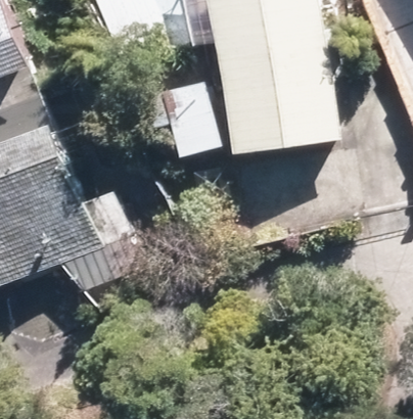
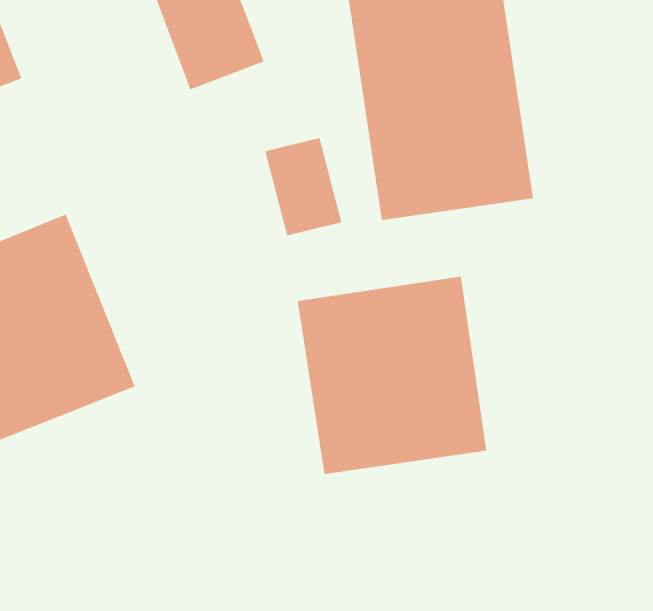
building: none -> [297,276,487,475]

